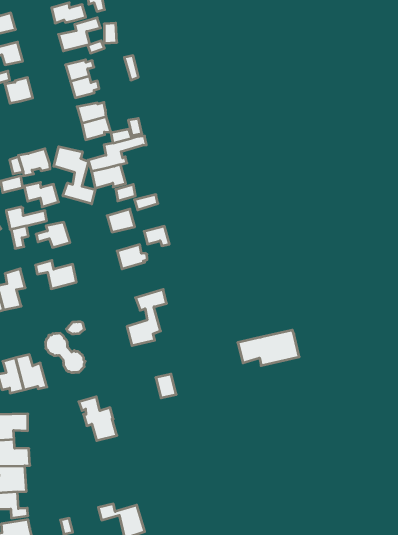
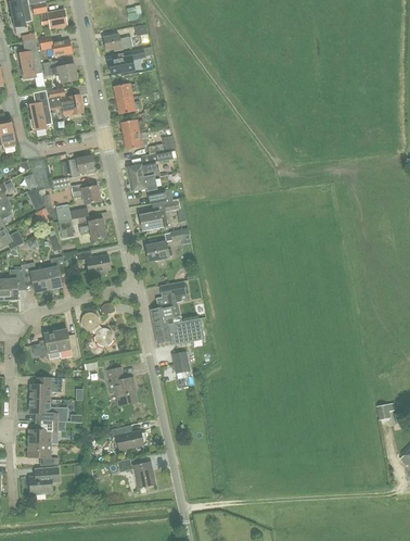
building: [54,147,95,204] -> none
building: [238,330,299,366] -> [153,318,204,347]
building: none -> [110,425,142,450]

